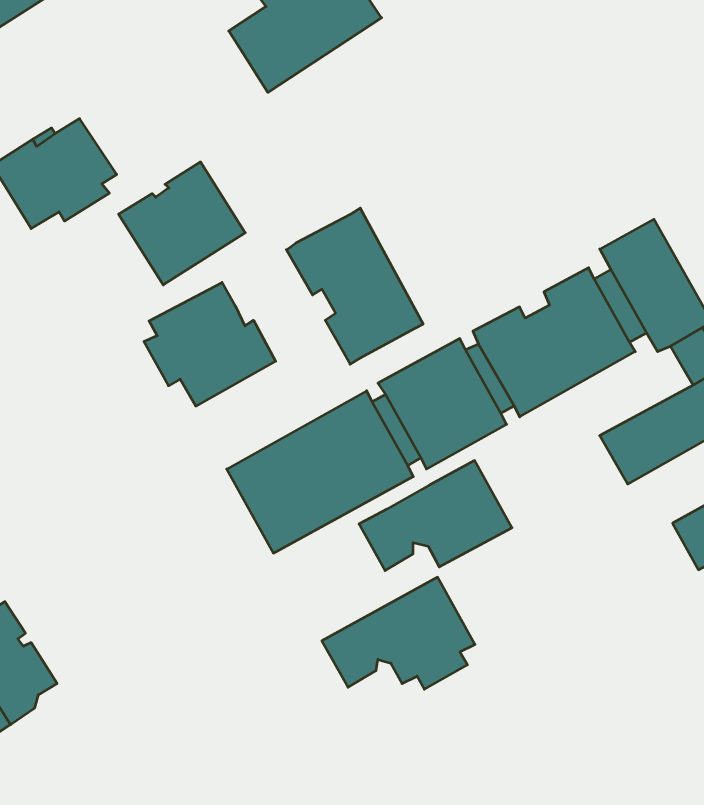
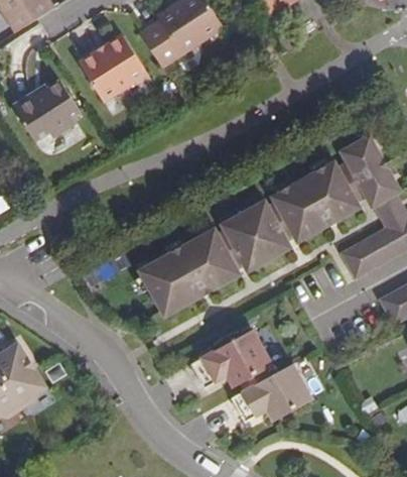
building: [119,162,245,285] -> [79,34,147,101]
building: [286,208,423,364] -> none
building: [144,282,276,406] -> none
building: [359,461,512,571] -> [231,363,313,423]

